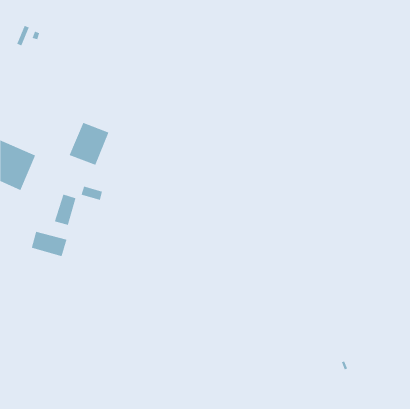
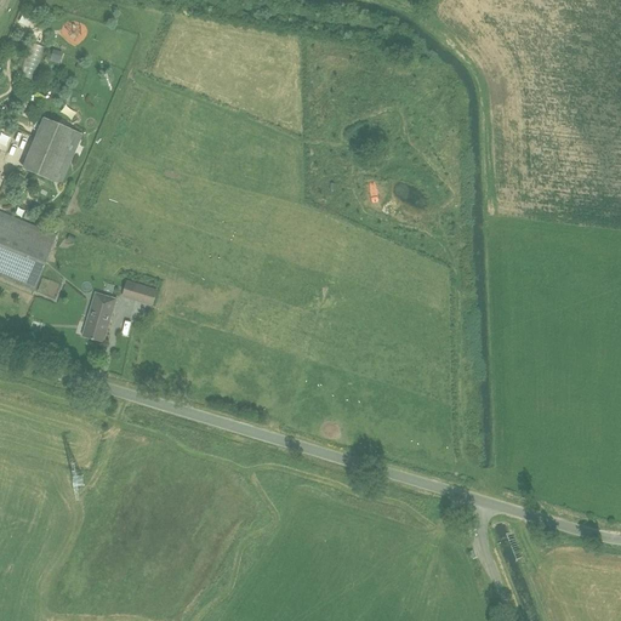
building: [68,122,109,166] -> [18,115,80,182]
building: [31,231,67,257] -> none

